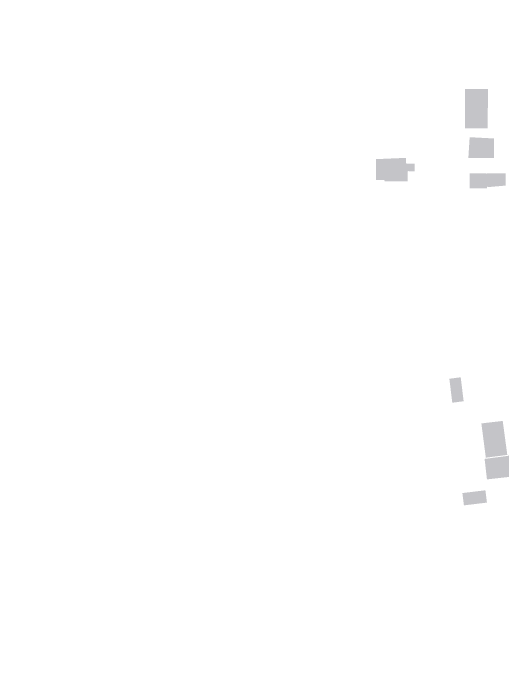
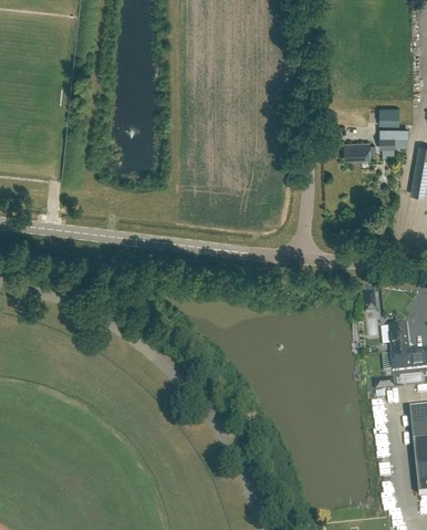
building: [465,88,488,129] -> none
building: [375,157,416,182] -> [344,141,375,159]

